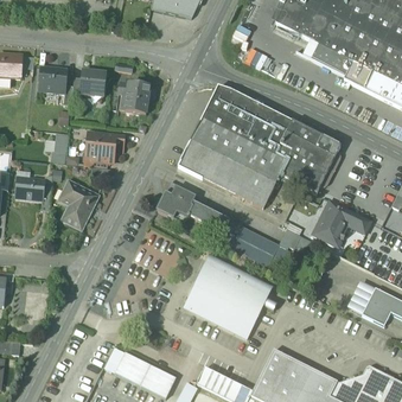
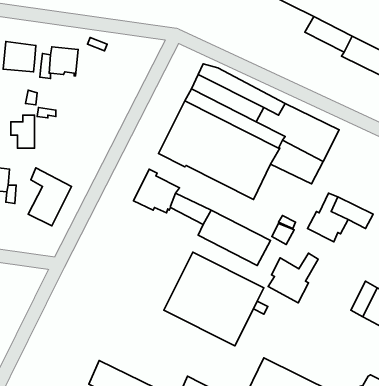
building: [116,81,154,113] -> none
building: [87,132,123,160] -> none
building: none -> [268,253,318,303]

